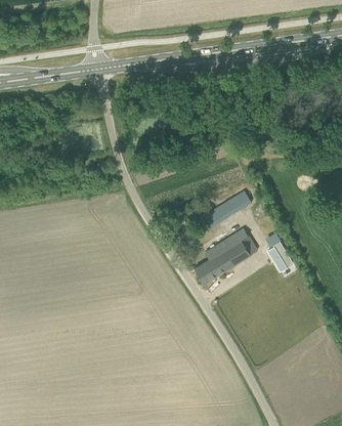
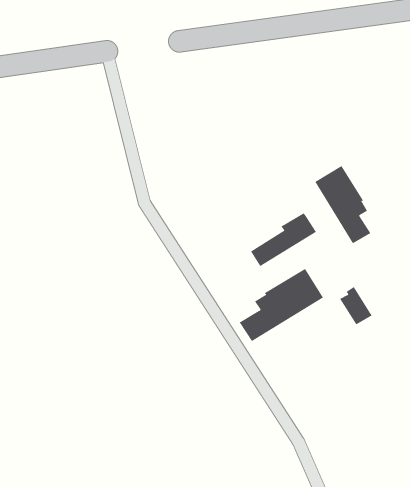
building: none -> [315,165,371,244]

